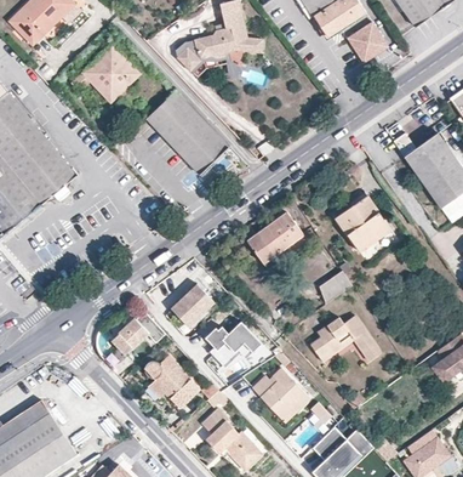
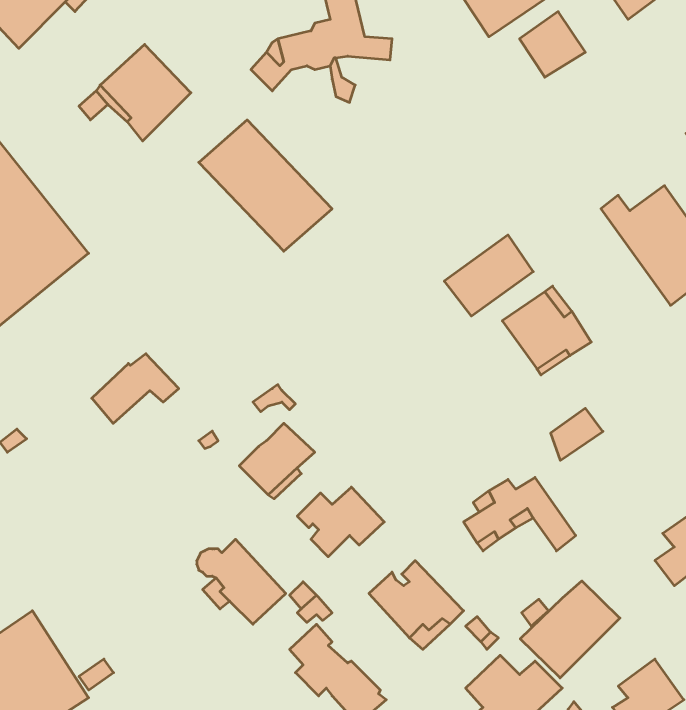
building: [246,210,302,261] -> [444,235,533,316]
building: [319,269,351,302] -> [551,408,603,460]
building: [110,311,165,354] -> [92,354,179,423]
building: none -> [520,581,620,678]

